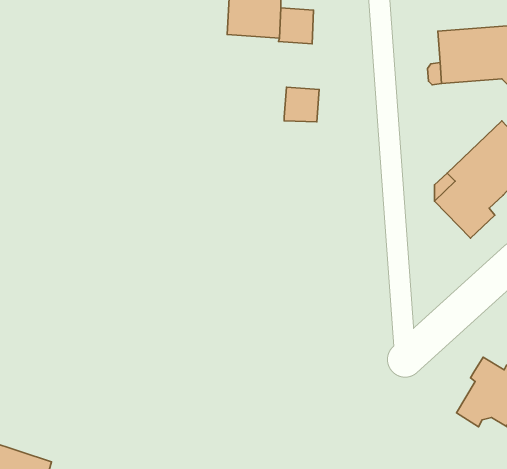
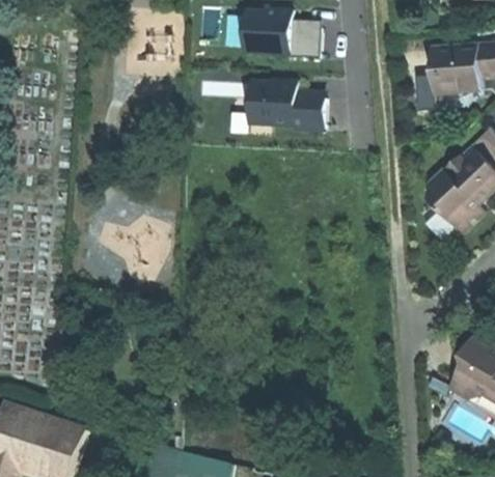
building: none -> [248,80,297,123]

